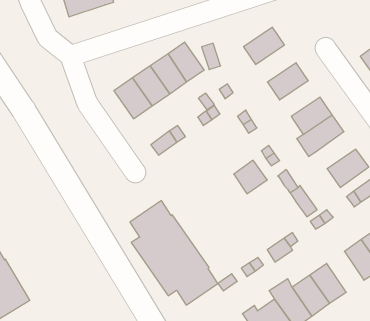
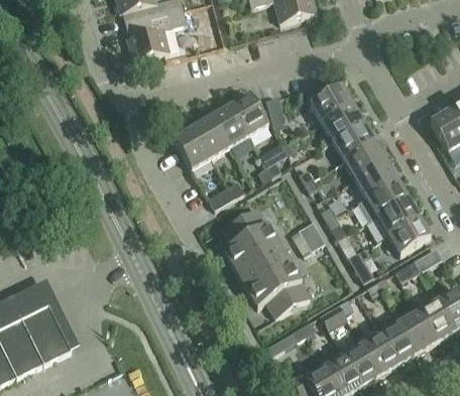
building: none -> [319,104,363,146]
building: none -> [343,142,385,178]
building: none -> [376,197,419,235]
building: [130,201,218,305] -> [223,208,310,317]
building: none -> [380,321,418,364]

